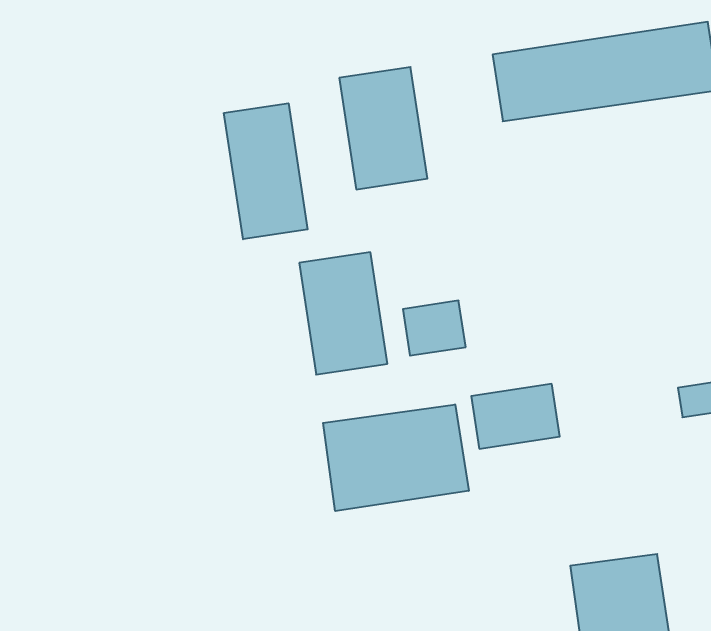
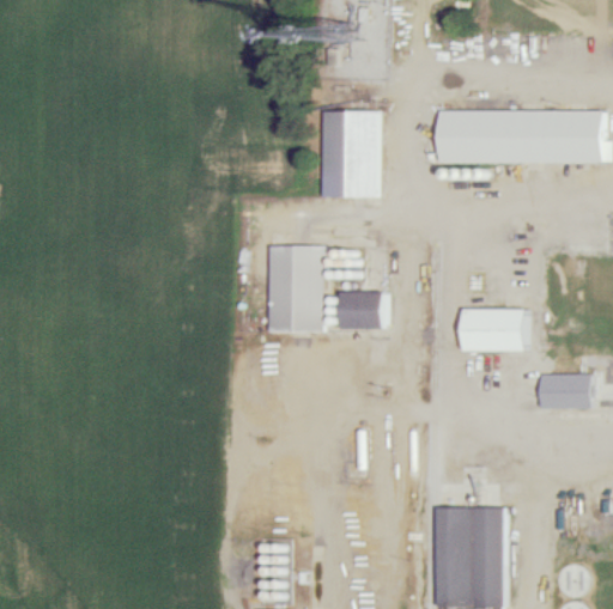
building: [224,103,308,239] -> none
building: [471,384,560,449] -> [463,309,526,349]
building: [323,404,469,511] -> none

